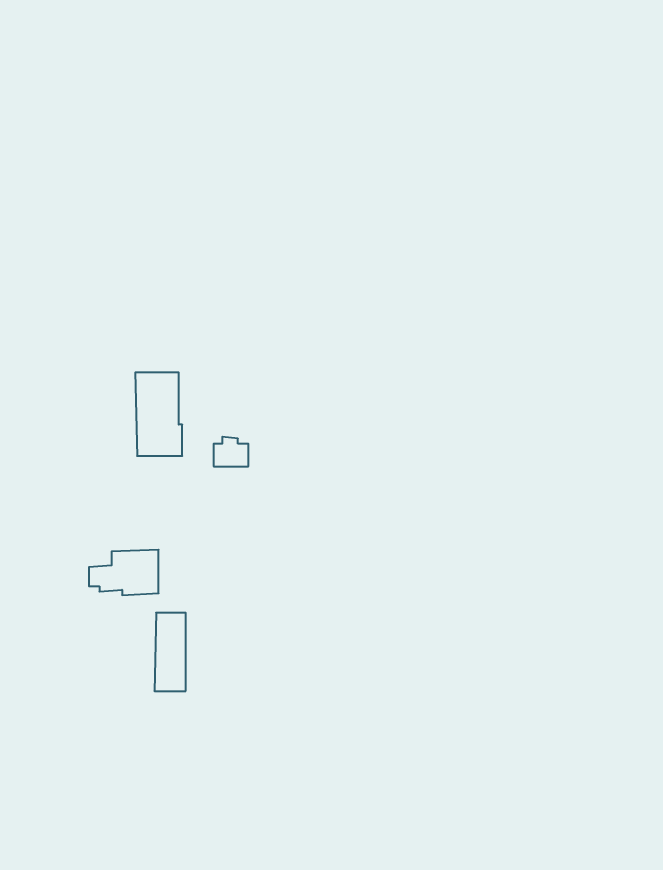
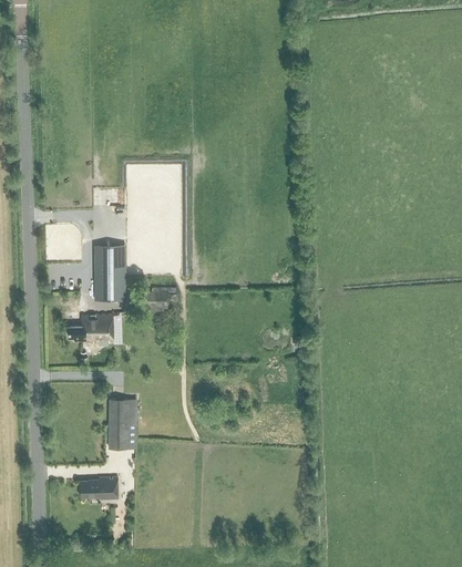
building: [89,550,159,595] -> [68,315,112,343]
building: none -> [80,477,119,499]

